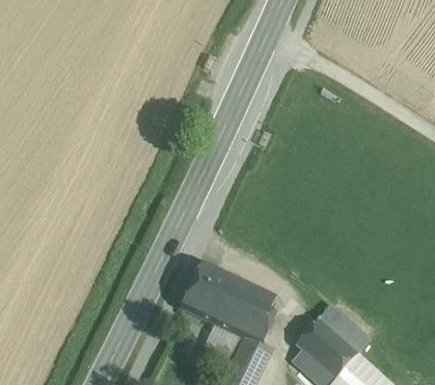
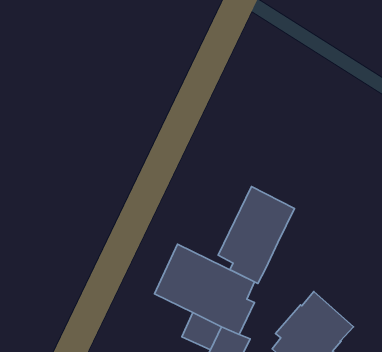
building: none -> [218,187,295,283]

